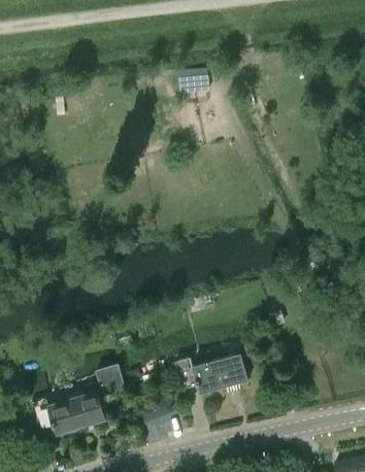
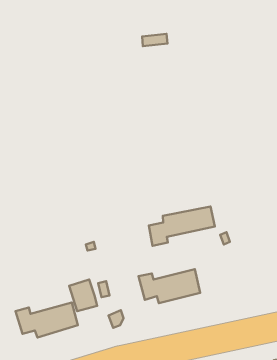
building: none -> [149,207,215,246]

